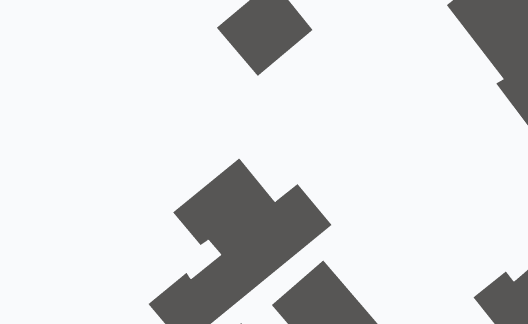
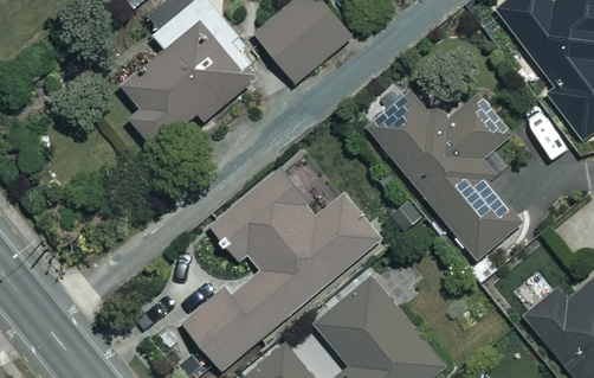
building: none -> [104,18,245,150]
building: none -> [368,89,521,258]

